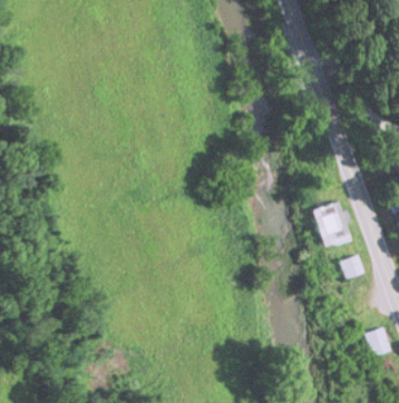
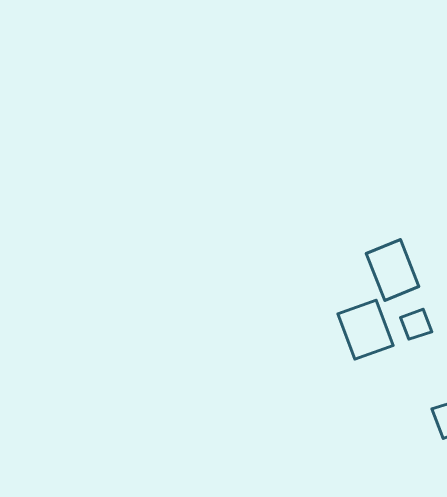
building: none -> [338,300,393,359]

